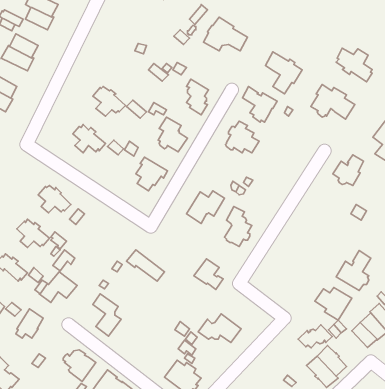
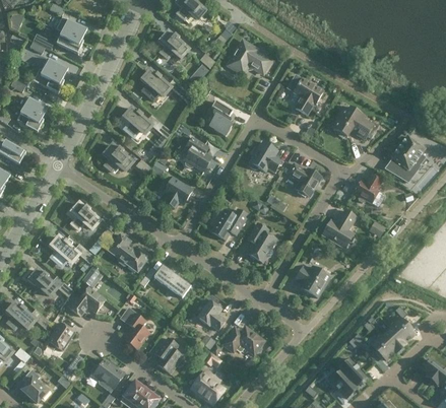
building: none -> [156,31,188,58]
building: none -> [138,70,170,96]
building: [336,48,372,82] -> none
building: [242,86,277,122] -> [286,162,320,197]
building: none -> [107,233,148,272]
building: [336,251,371,291] -> [321,209,355,248]
building: [194,259,223,289] -> [196,300,225,330]
building: [315,288,352,320] -> [294,266,329,297]
building: none -> [155,337,182,372]
building: [298,325,332,348] -> none

